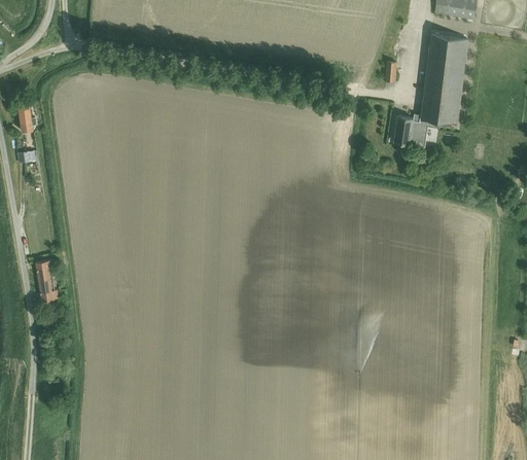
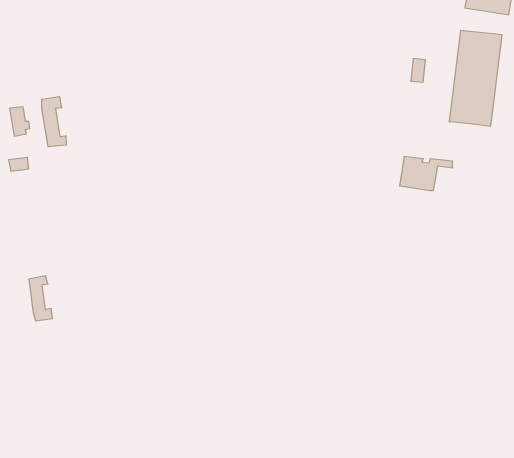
building: none -> [42,96,66,147]
building: [393,115,442,146] -> [400,157,453,190]

